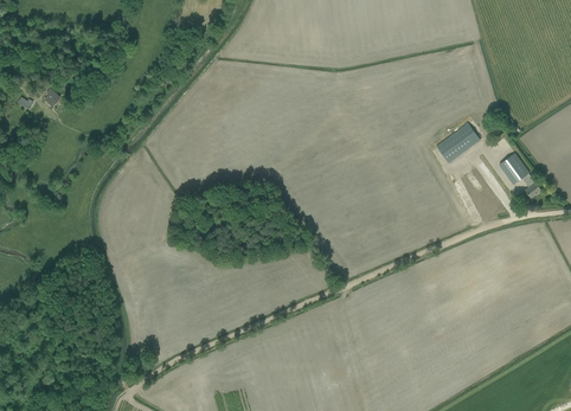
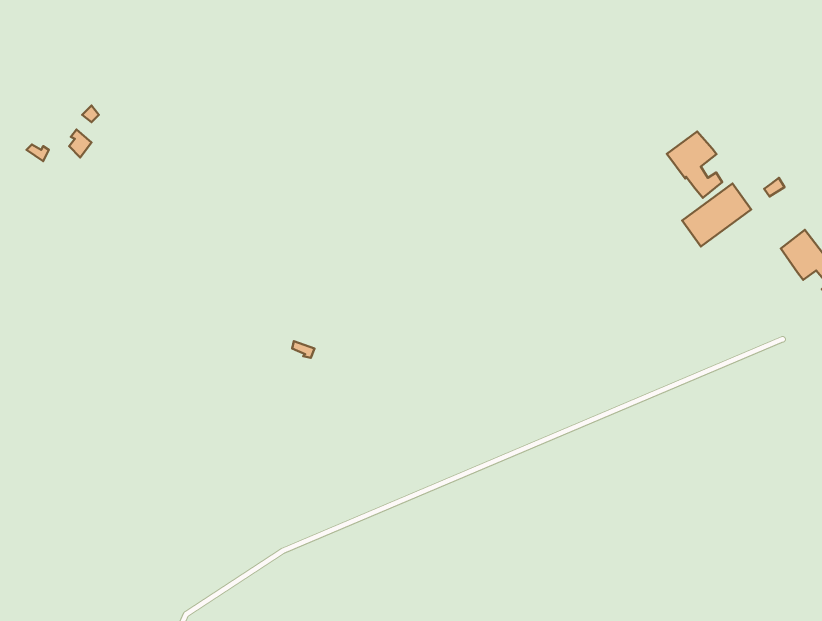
building: none -> [667,131,722,198]

